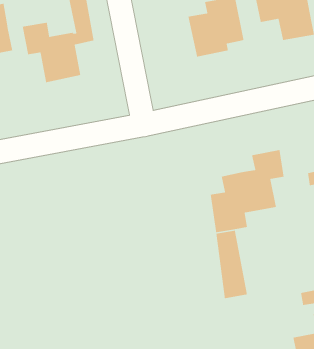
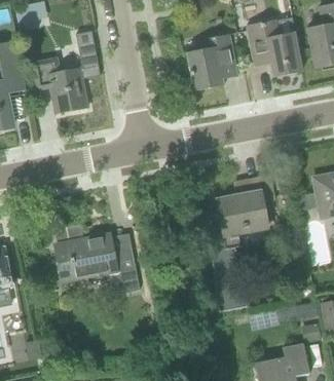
building: none -> [54,224,140,295]

